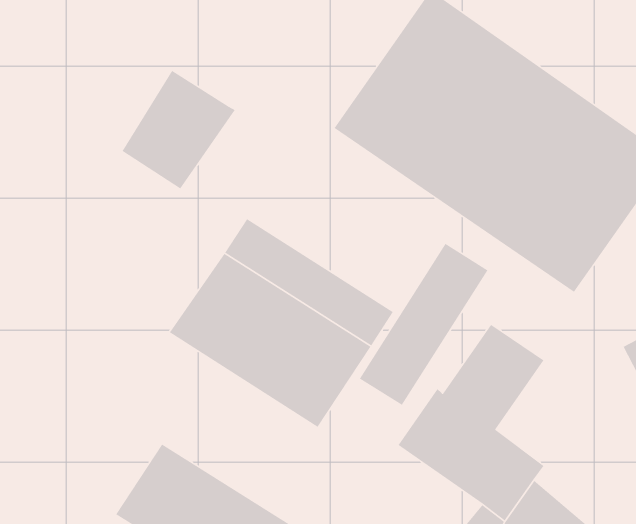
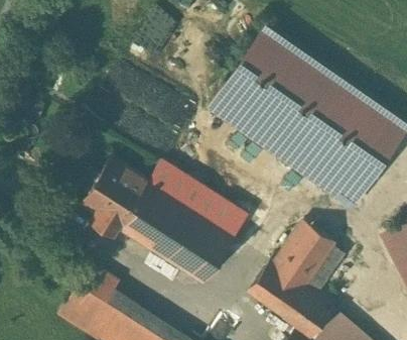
building: [122,70,236,189] -> [84,158,150,228]
building: [359,243,489,406] -> none
building: none -> [59,267,119,334]

